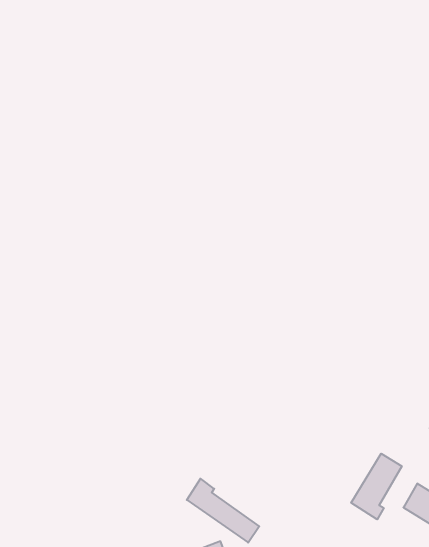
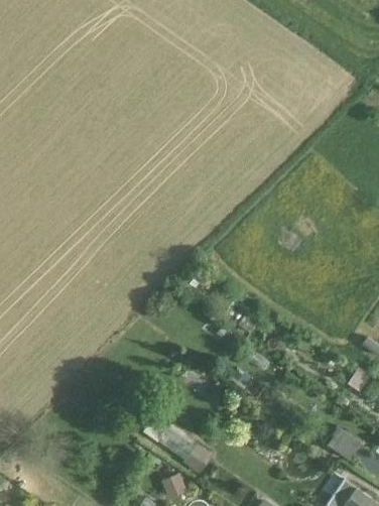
building: [351,454,402,519] -> none

